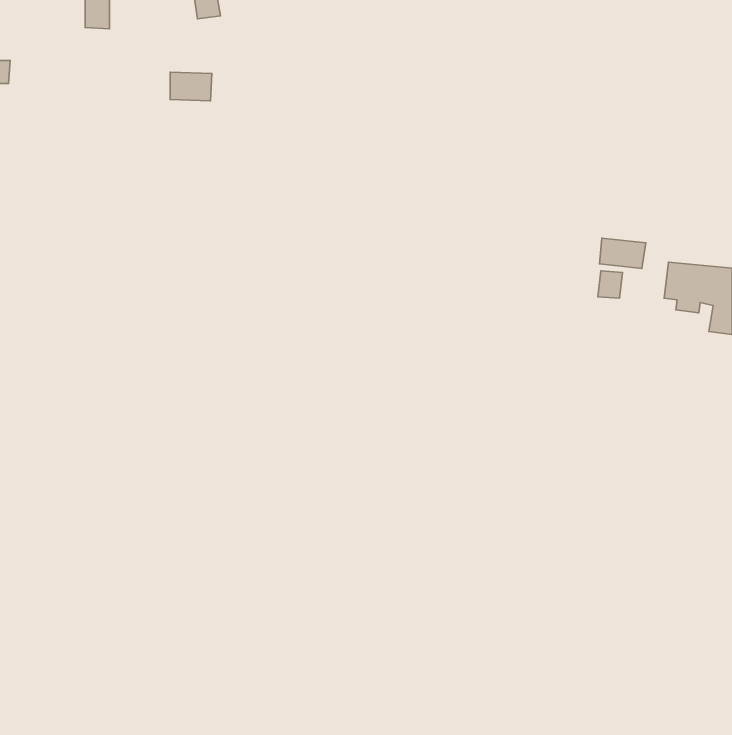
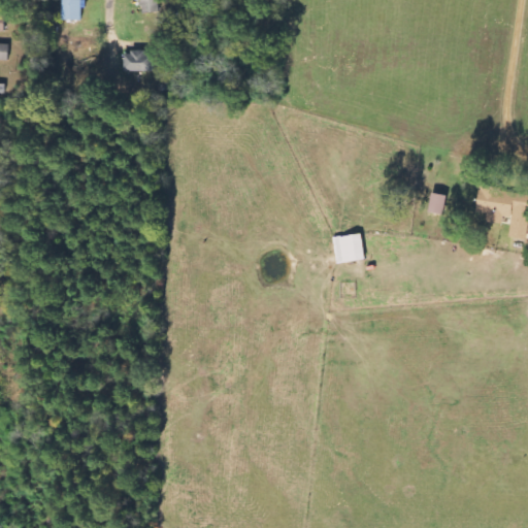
building: [600,238,646,268] -> none
building: none -> [332,235,363,263]

